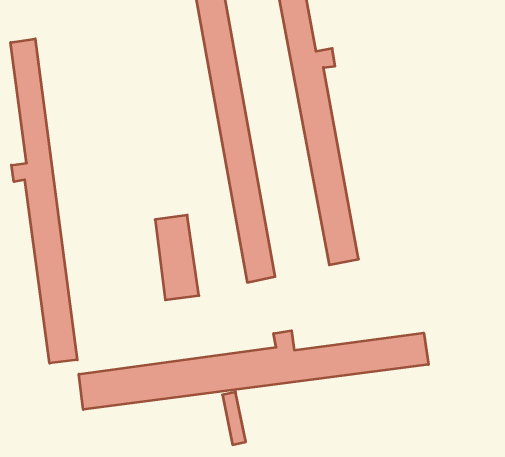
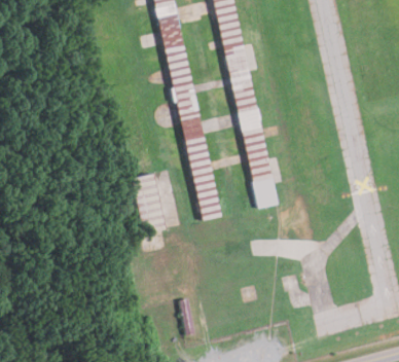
building: [11,39,77,363] -> none
building: [79,331,428,410] -> none

